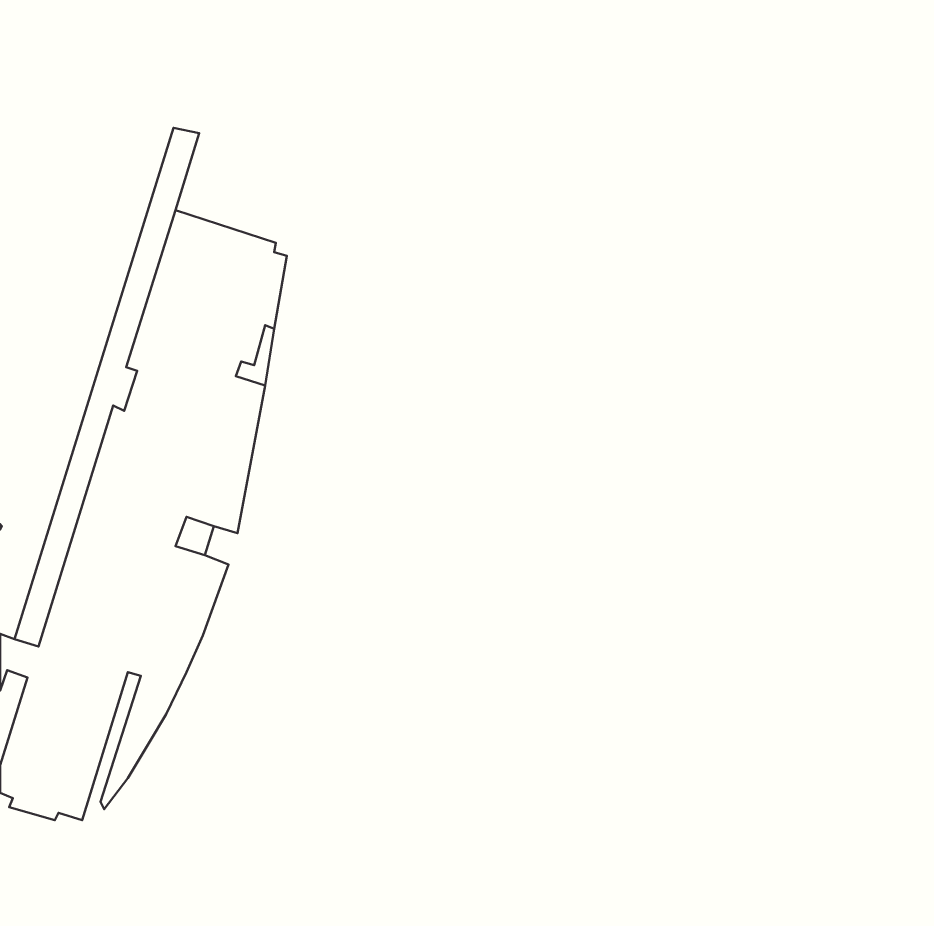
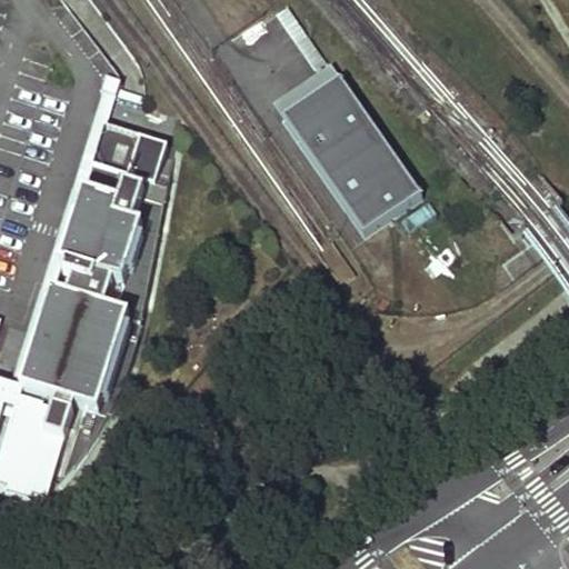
building: none -> [268,64,421,238]

